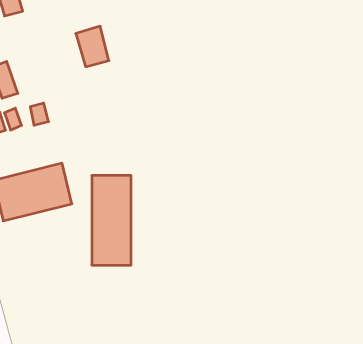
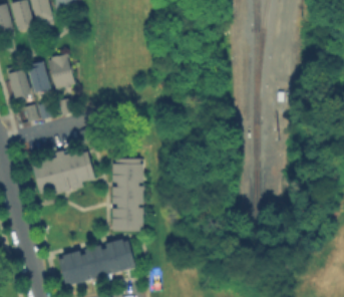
building: [76,26,109,67] -> [47,56,74,89]
building: none -> [54,238,133,286]

